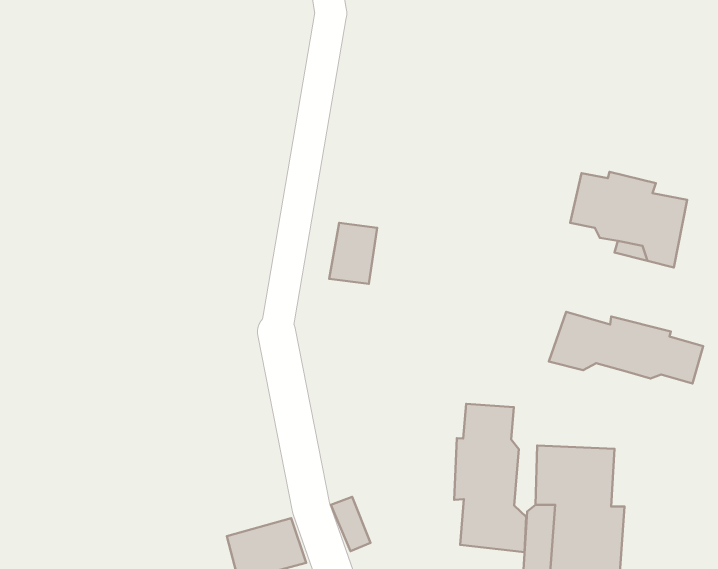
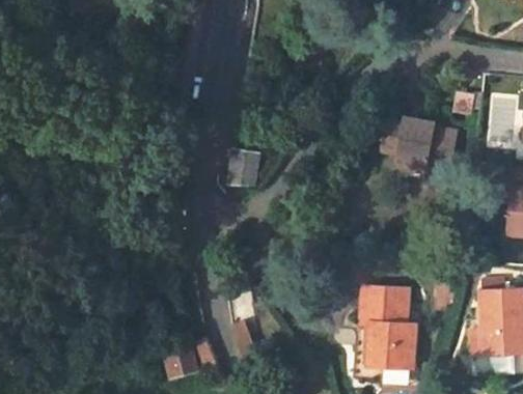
building: [549,312,703,383] -> none
building: [454,404,526,552] -> none

